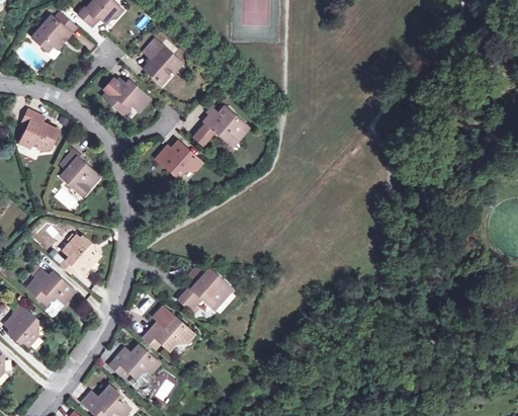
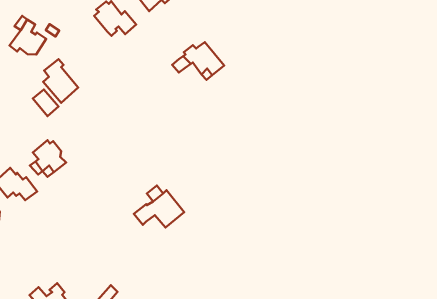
building: [157,141,201,176] -> none
building: [144,316,193,348] -> none
building: [109,344,158,376] -> none

